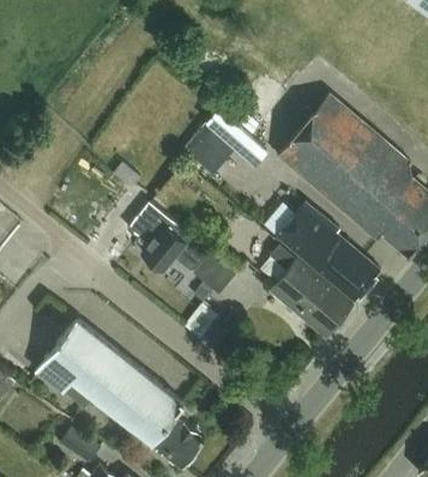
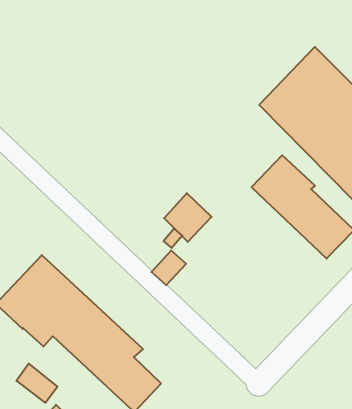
building: [185,110,267,177] -> none
building: [127,203,207,272] -> none
building: [271,244,354,337] -> none

